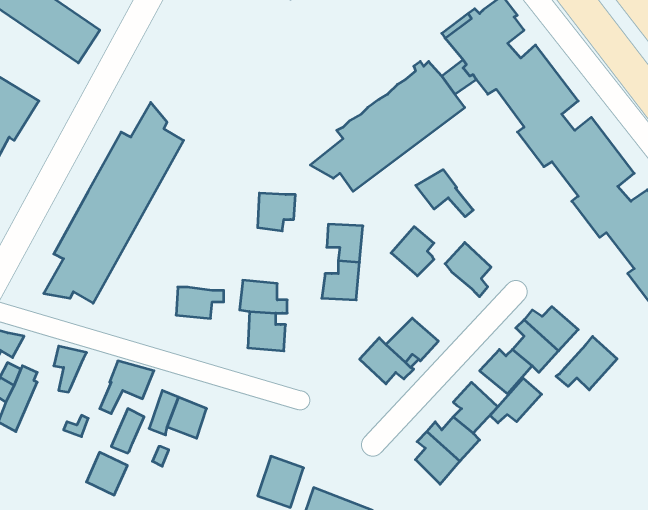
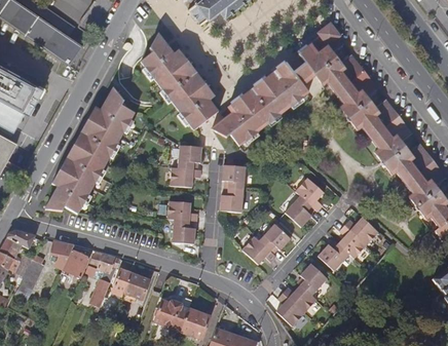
building: none -> [141,33,217,129]
building: [416,170,473,217] -> none
building: [391,227,434,276] -> [286,195,312,226]
building: [176,287,224,318] -> [172,167,201,187]
building: [556,336,617,390] -> none
building: [490,378,542,423] -> none
building: none -> [154,295,192,332]
building: [86,452,127,495] -> [62,249,87,276]

